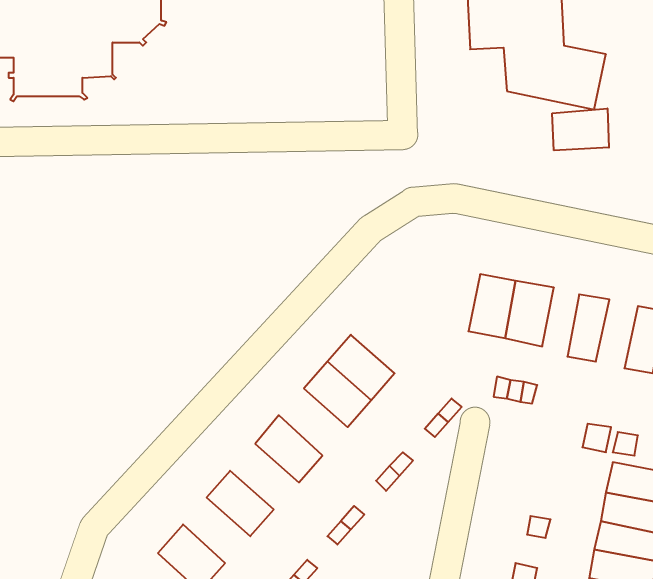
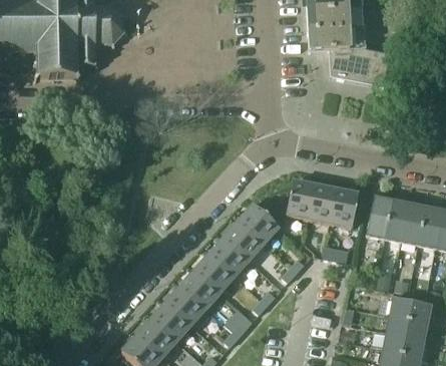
building: [552,108,609,150] -> none
building: none -> [286,179,315,218]
building: none -> [384,199,409,240]
building: none -> [238,203,279,243]
building: none -> [194,252,236,292]
building: none -> [165,285,206,324]
building: none -> [137,317,177,356]

